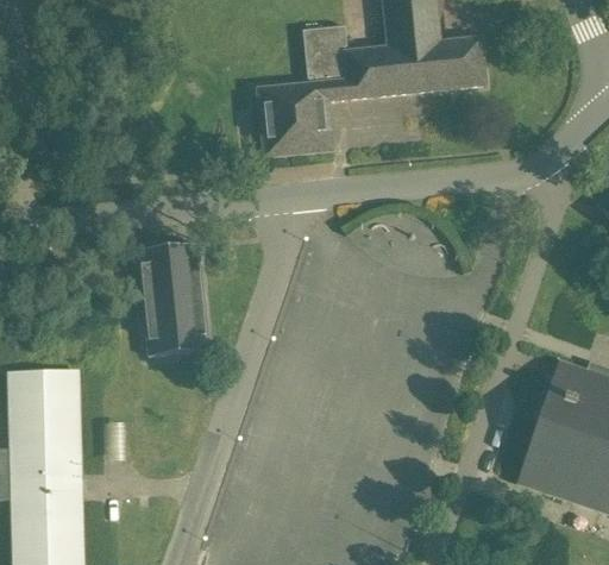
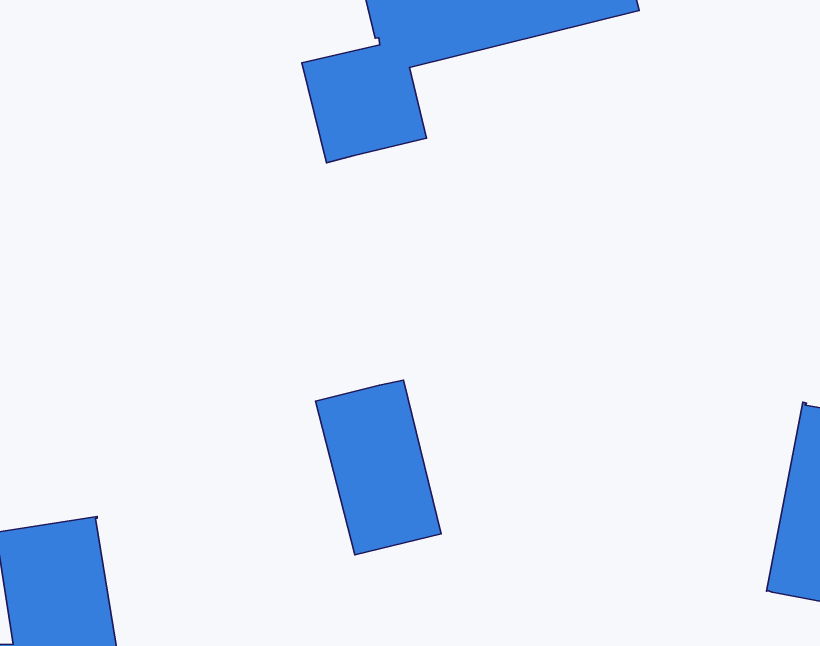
building: [137,243,208,354] -> [315,380,441,555]

